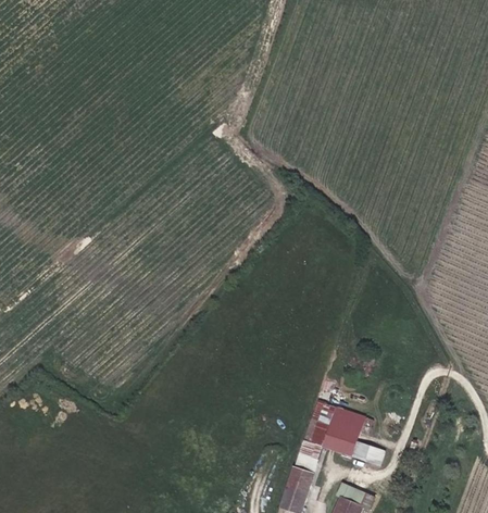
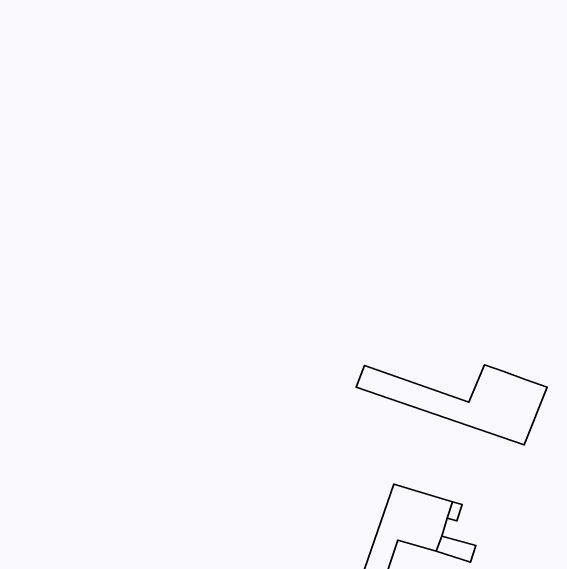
building: none -> [356,365,547,445]

